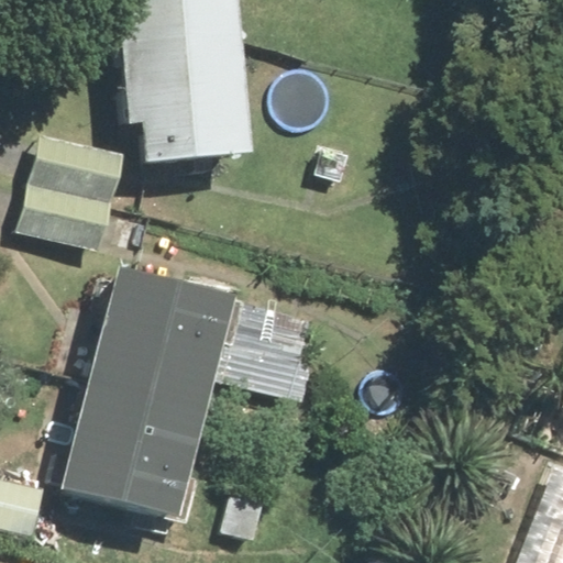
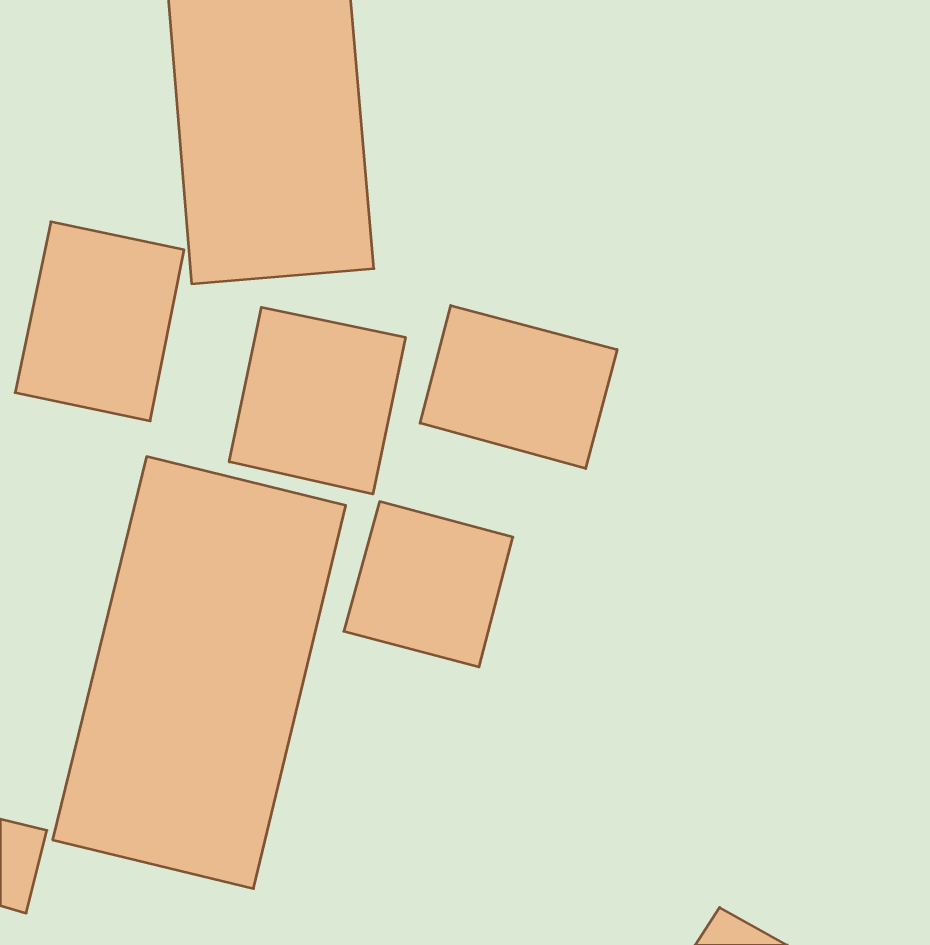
building: none -> [420,305,617,469]
building: none -> [229,307,405,494]

